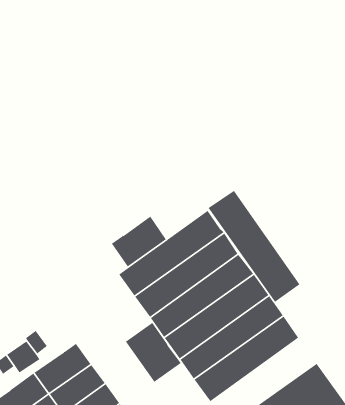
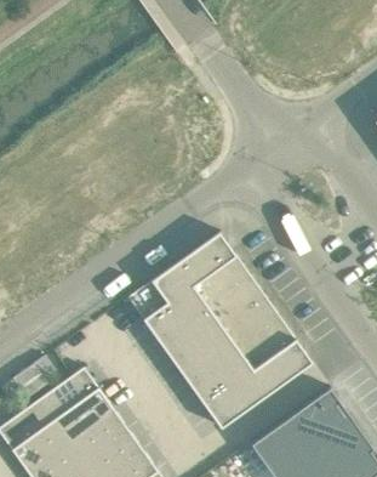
building: [207,190,300,303] -> none
building: [111,215,167,267] -> none
building: [125,322,182,383] -> none

